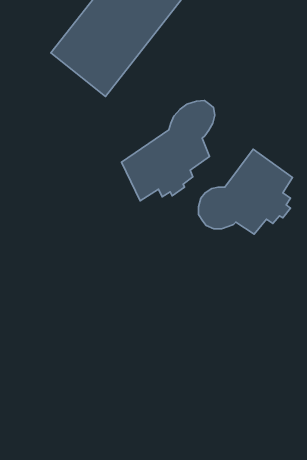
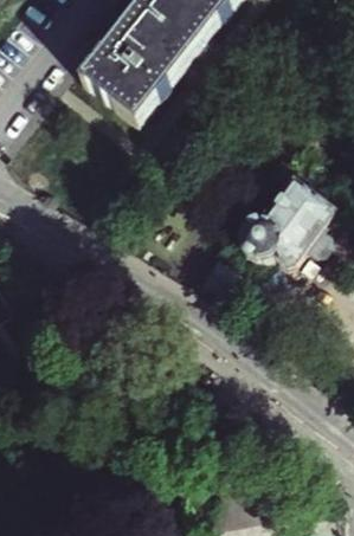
building: [122,100,215,201] -> none

